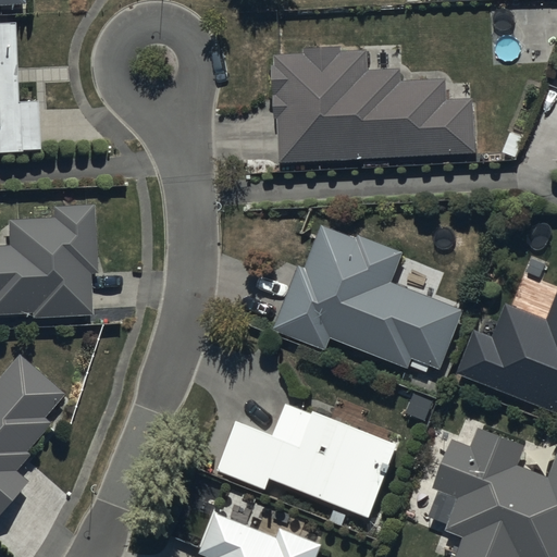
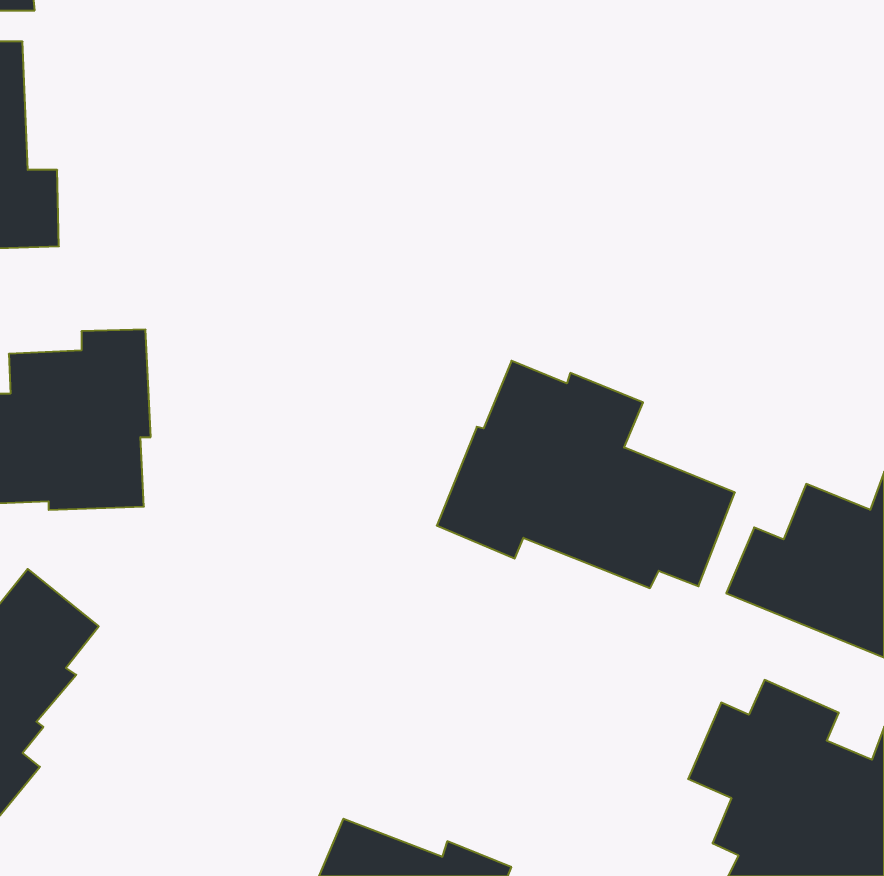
building: [272,48,475,161] -> none
building: [218,407,396,518] -> none

